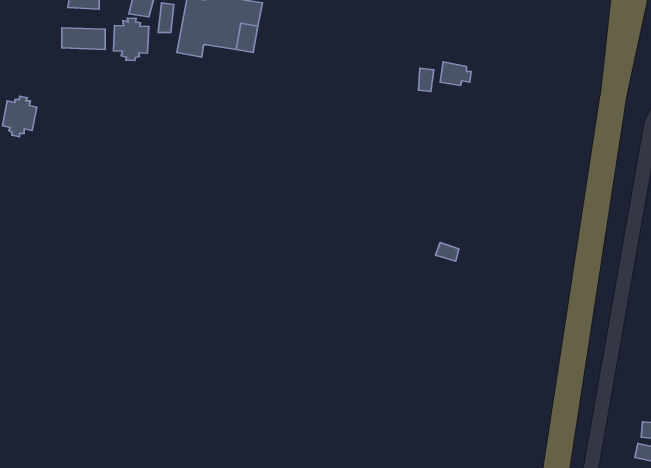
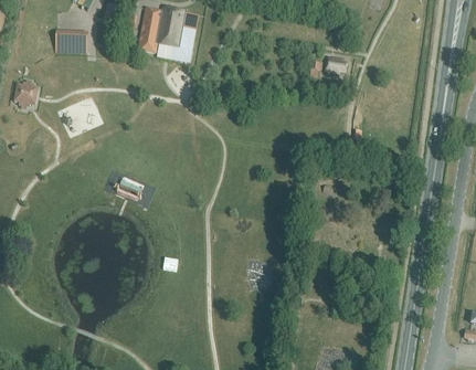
building: [113,18,149,61] -> none

